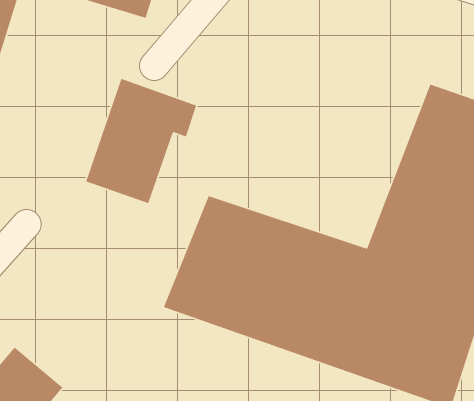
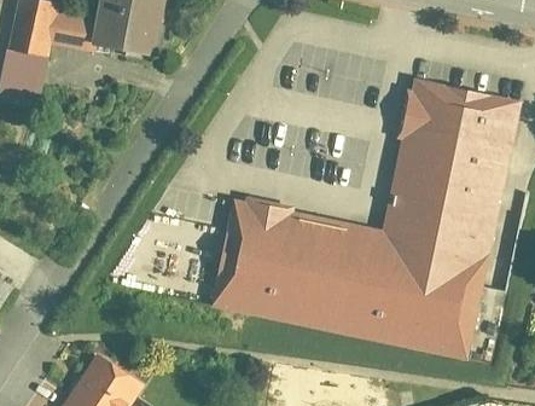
building: [85,78,197,204] -> none

